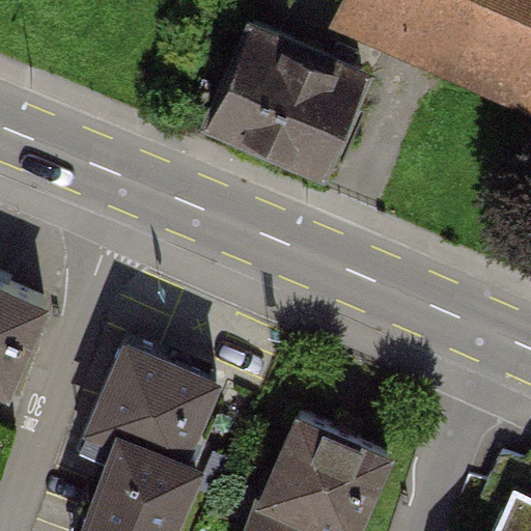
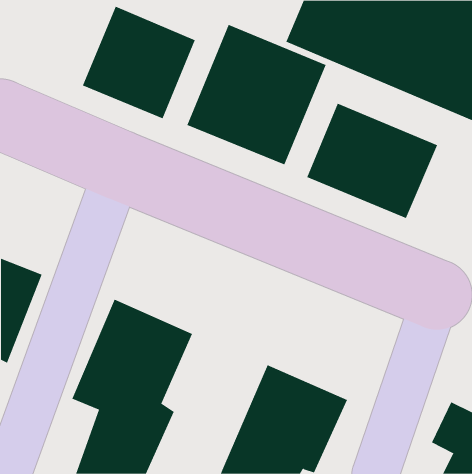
building: none -> [82,6,196,119]
building: none -> [307,103,438,219]

